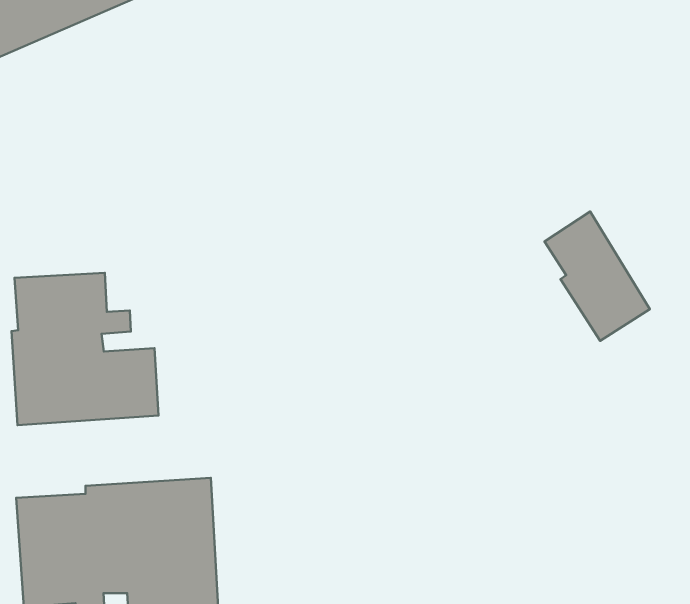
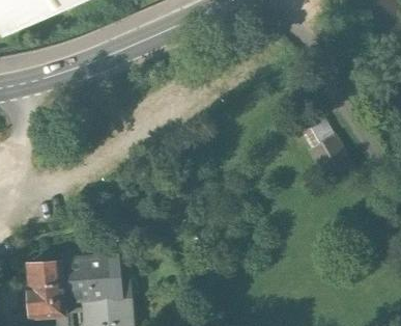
building: [12,273,159,425] -> none

